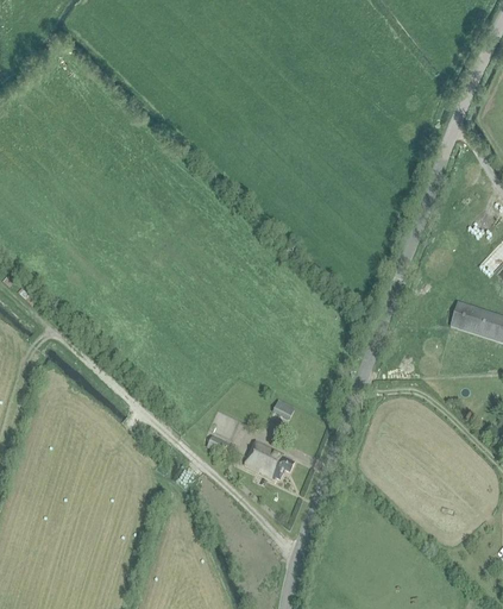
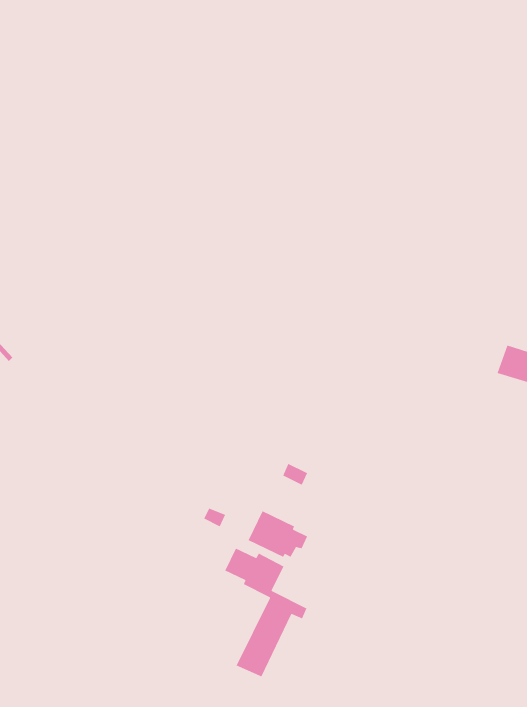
building: none -> [224,548,307,678]

